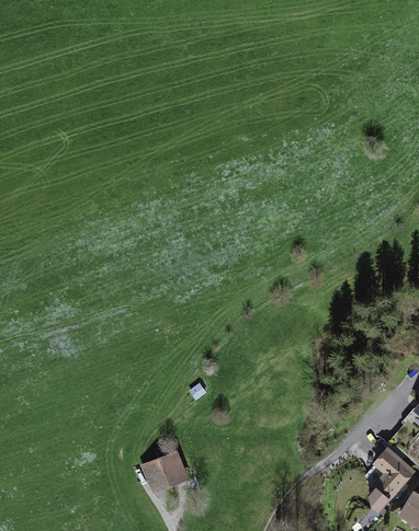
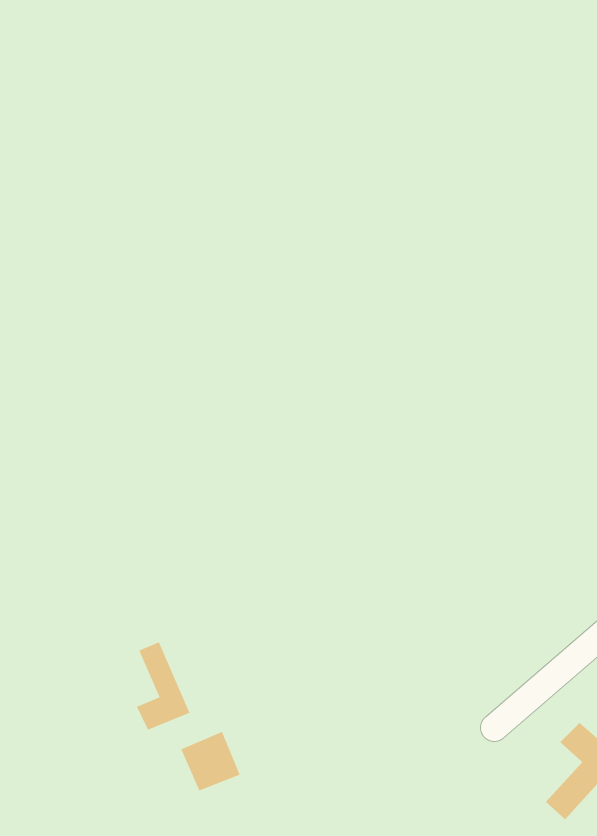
building: none -> [136,641,190,730]

